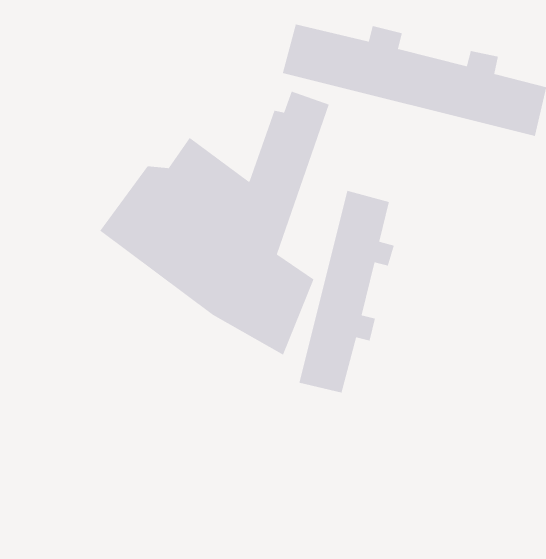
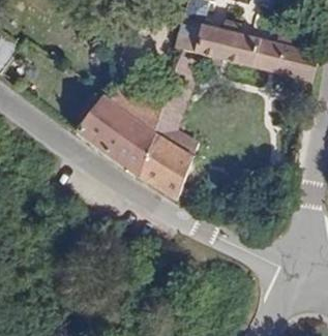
building: [299,190,395,393] -> none

